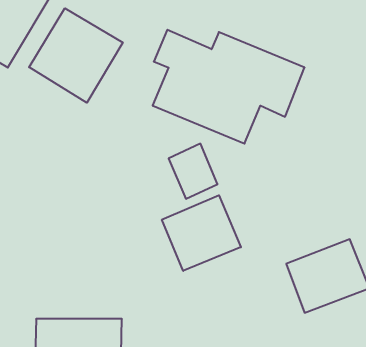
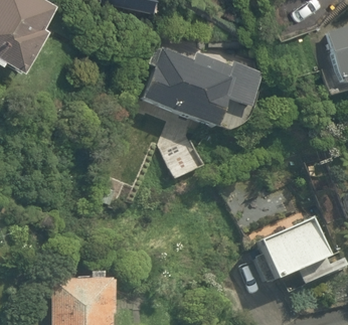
building: [29,8,123,103] -> none
building: [162,195,241,271] -> none

